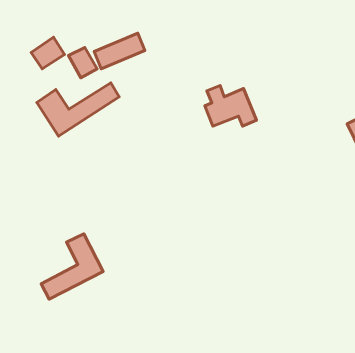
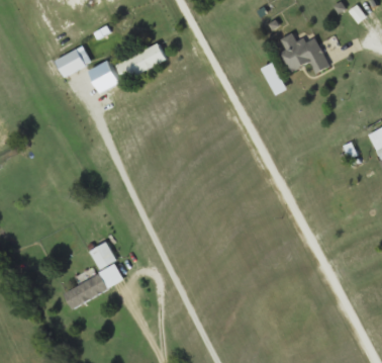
building: [37,83,119,136] -> none
building: [205,86,257,126] -> [277,32,328,73]

